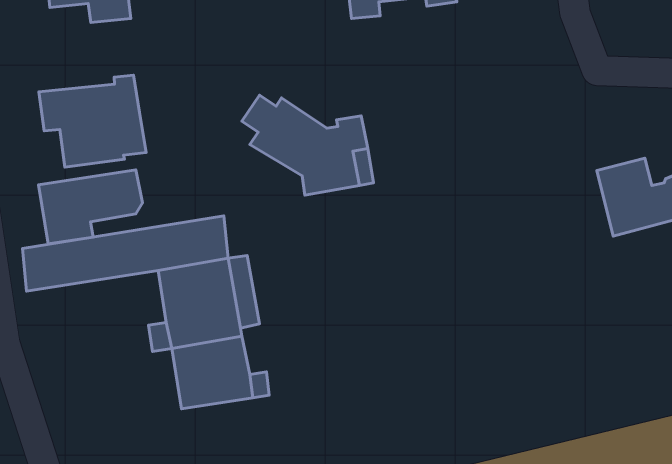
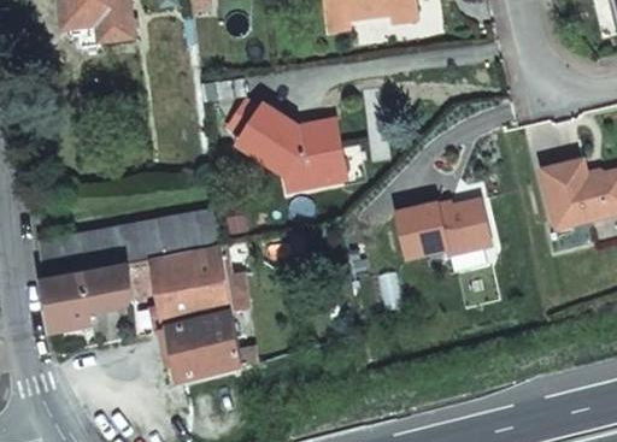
building: [39,75,146,167] -> none
building: [38,170,143,244] -> [40,261,131,326]
building: none -> [396,199,494,258]

